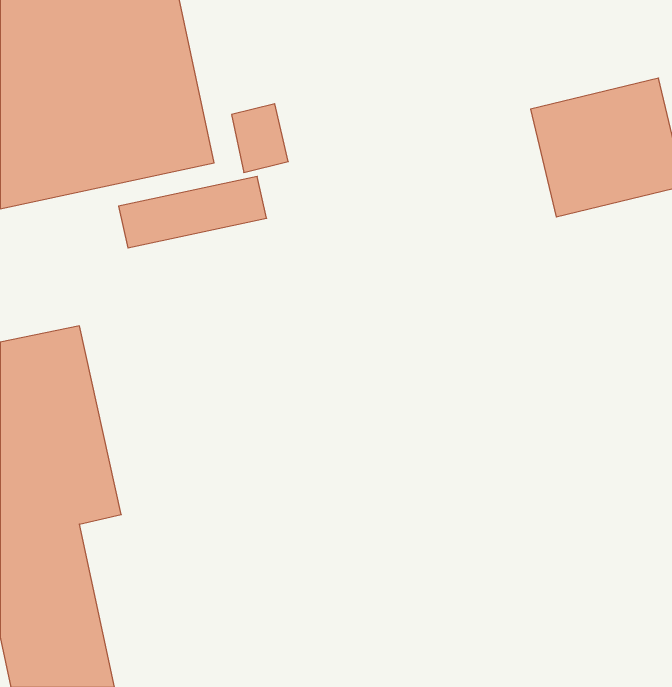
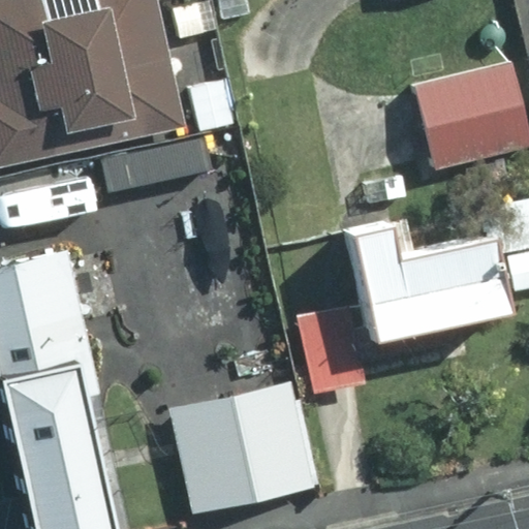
building: none -> [300,226,510,392]
building: none -> [169,385,308,511]

